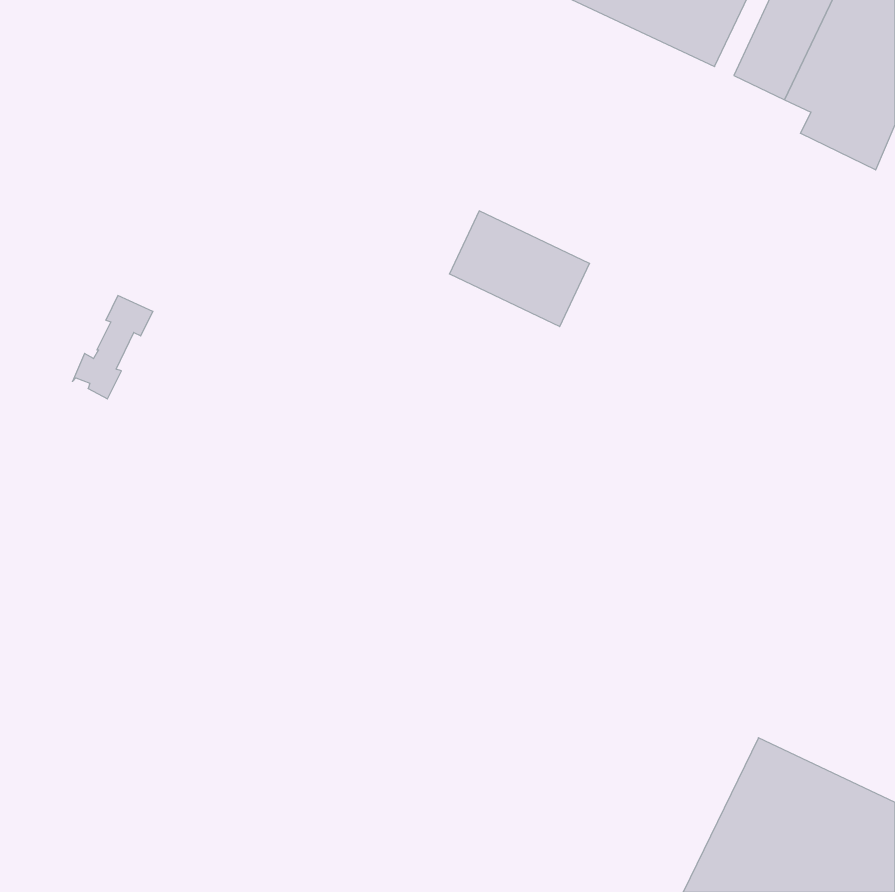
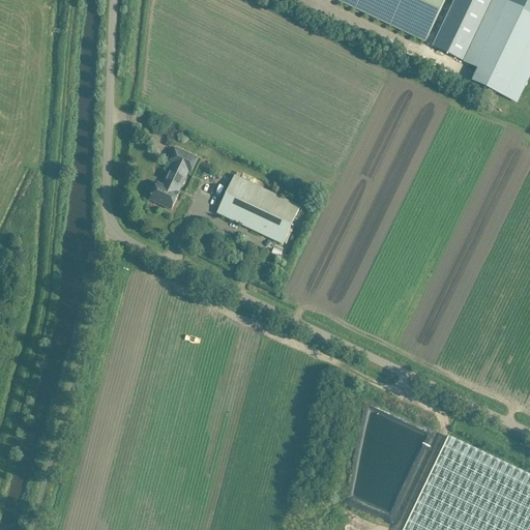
building: [449,211,590,327] -> [217,175,300,243]
building: [72,296,153,399] -> [150,148,198,209]

